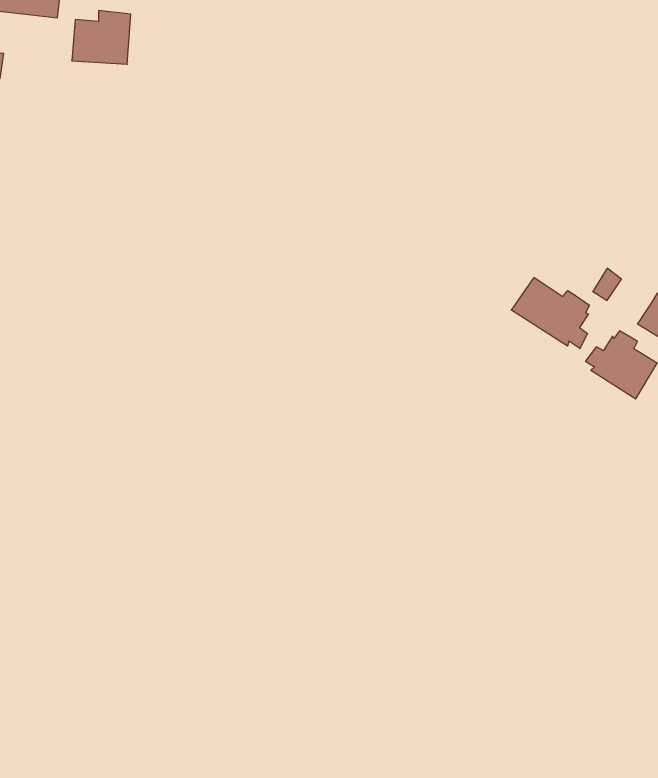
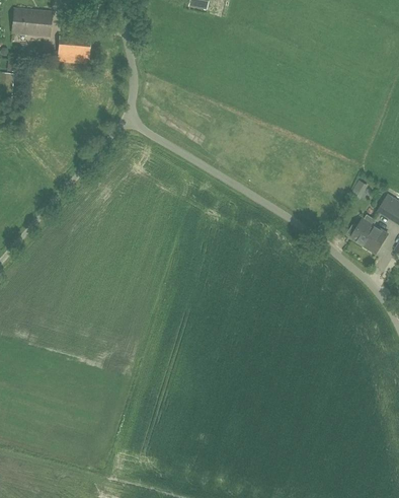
building: [511,278,589,349] -> none

